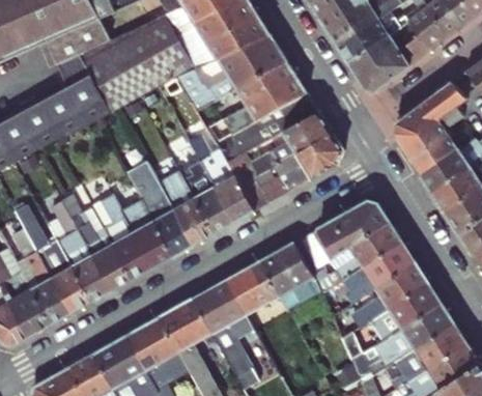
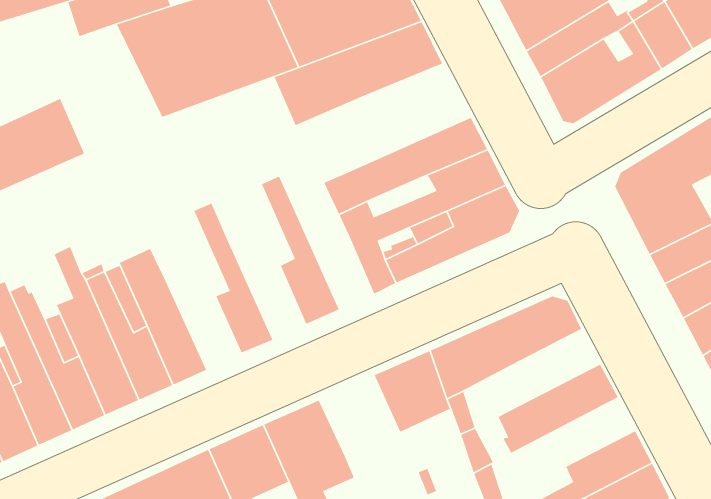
building: [45,53,110,137] -> none
building: [225,60,306,134] -> none
building: [188,135,254,222] -> none
building: [159,172,212,245] -> none
building: [120,199,173,267] -> none
building: [329,221,401,283] -> none
building: [225,261,278,314] -> none
building: [357,262,427,322] -> none

